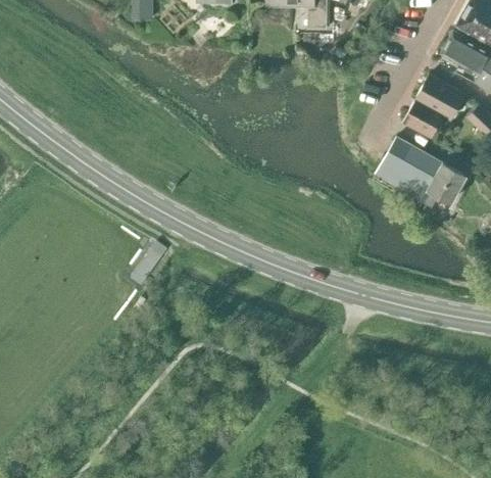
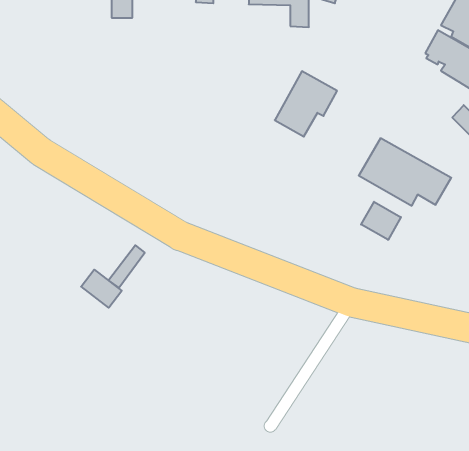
building: [403,75,464,139] -> [275,71,337,137]
building: none -> [361,202,401,240]
building: none -> [81,270,122,308]

